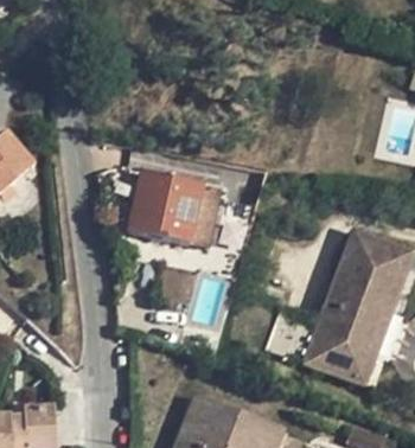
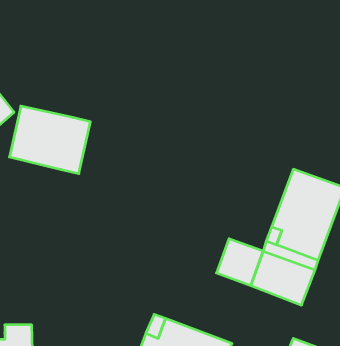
building: [128,171,221,248] -> [9,106,90,174]

